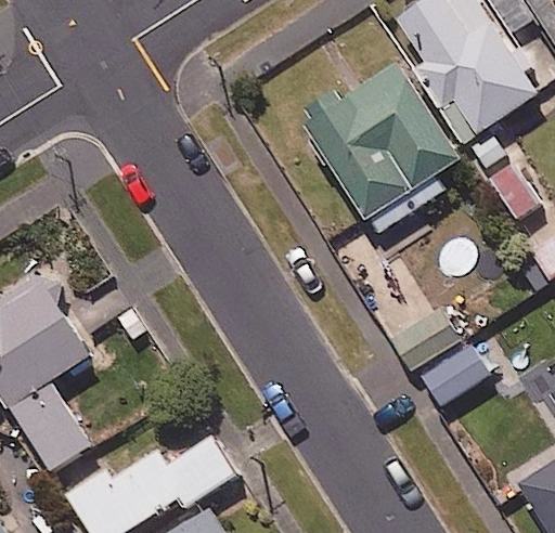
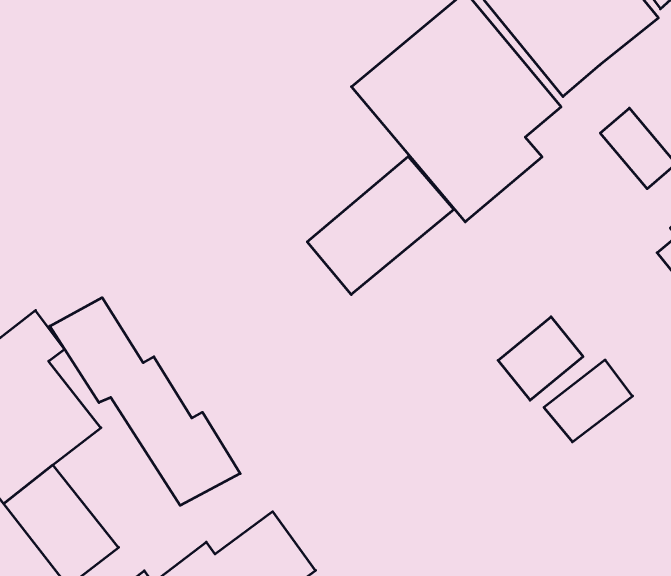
building: none -> [307,156,454,295]
building: none -> [50,298,240,505]

